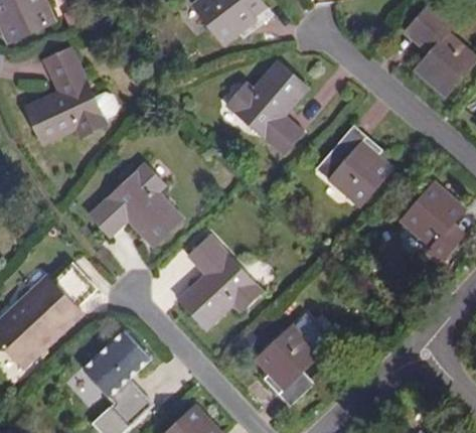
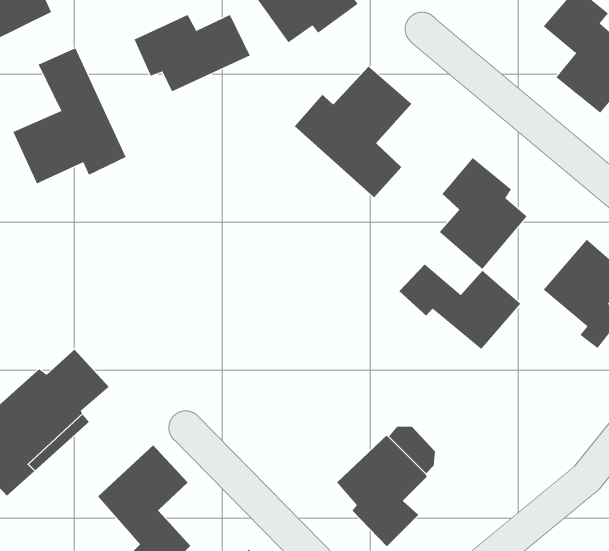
building: none -> [134,14,250,92]
building: [87,163,182,249] -> none
building: none -> [398,263,521,350]
building: [178,237,262,329] -> none

